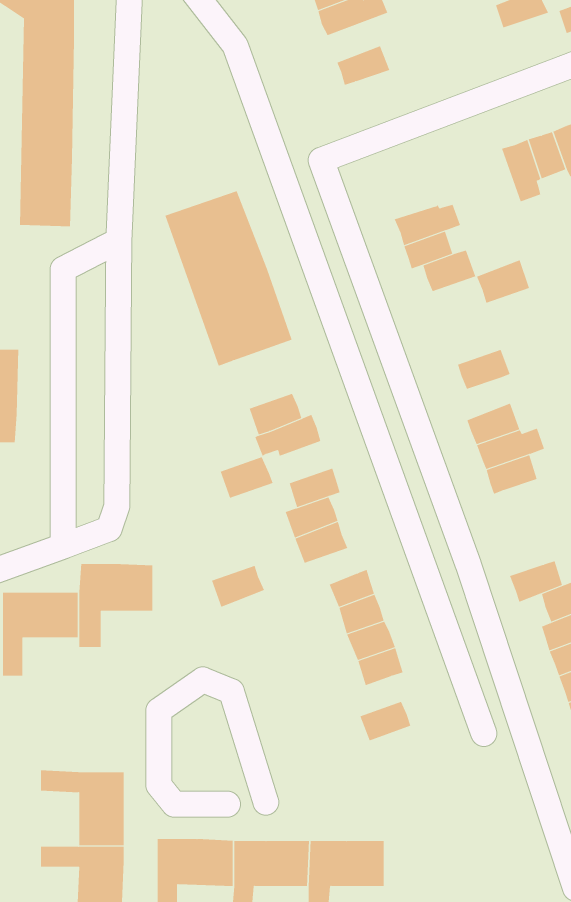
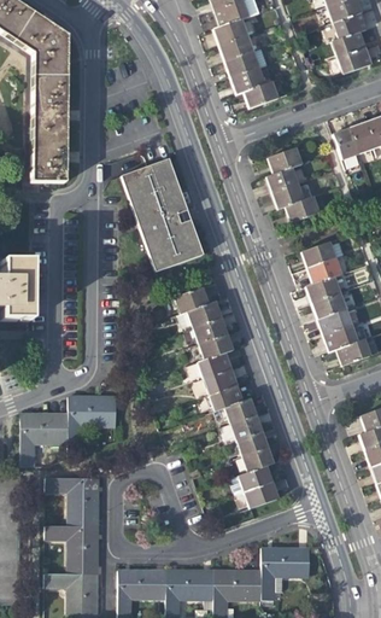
building: none -> [225,47,270,78]
building: none -> [336,47,371,74]
building: none -> [244,81,277,107]
building: none -> [268,147,303,175]
building: [476,259,530,303] -> [301,241,335,269]
building: none -> [307,278,341,304]
building: [220,456,274,498] -> [195,317,229,344]
building: [509,560,563,603] -> [336,339,370,366]
building: [211,565,265,607] -> [211,385,245,412]
building: none -> [231,466,272,494]
building: none -> [46,478,98,526]
building: none -> [262,546,310,599]

